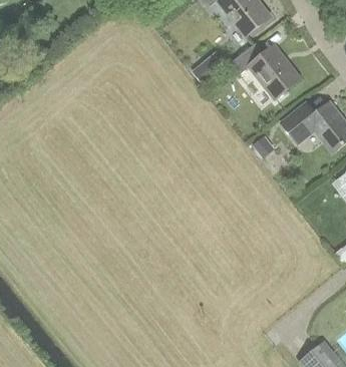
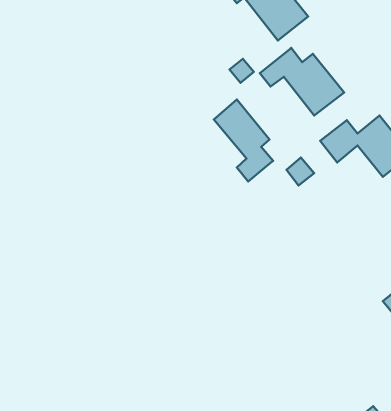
building: none -> [214,99,273,181]

